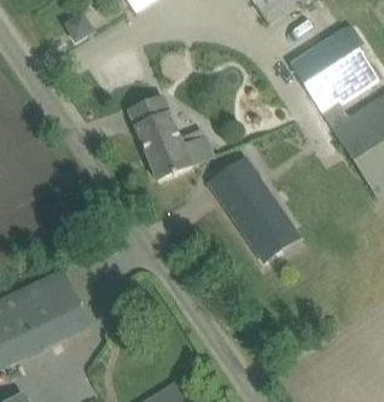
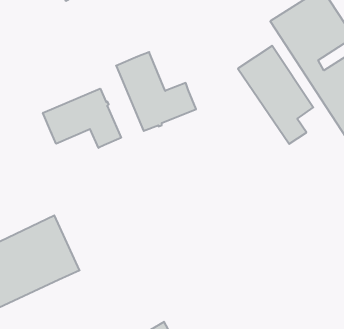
building: none -> [43,89,121,148]
building: [209,158,289,262] -> [238,46,313,144]

